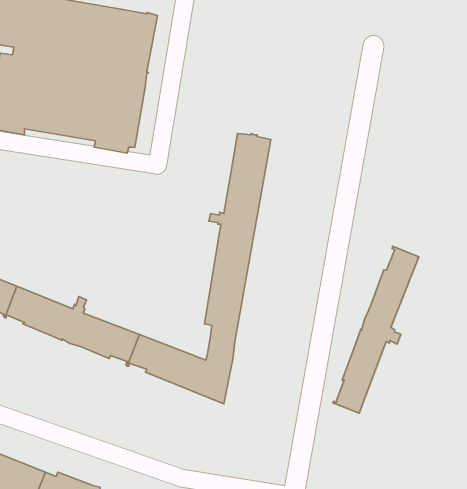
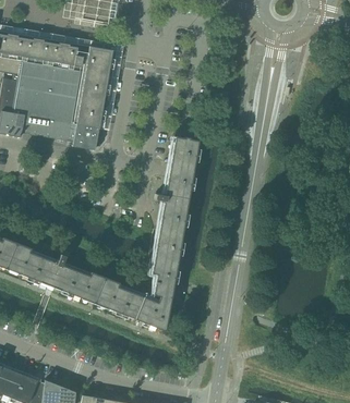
building: [333,246,419,413] -> none

